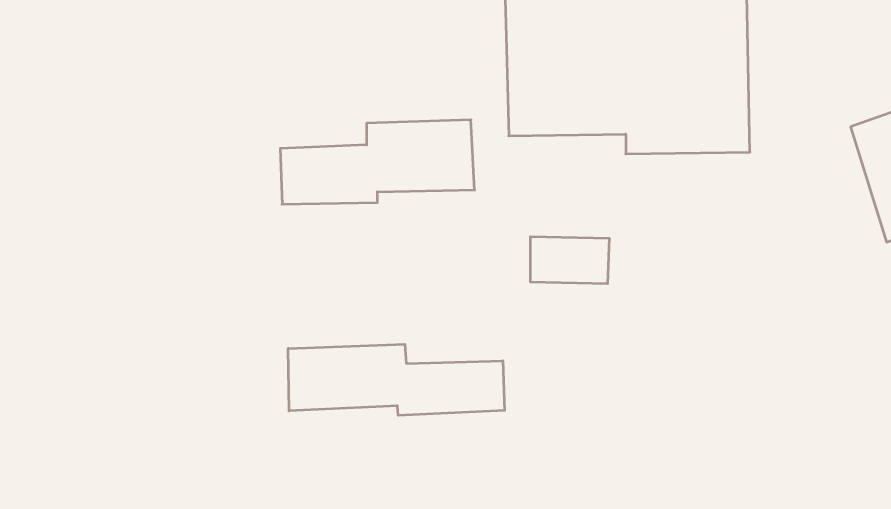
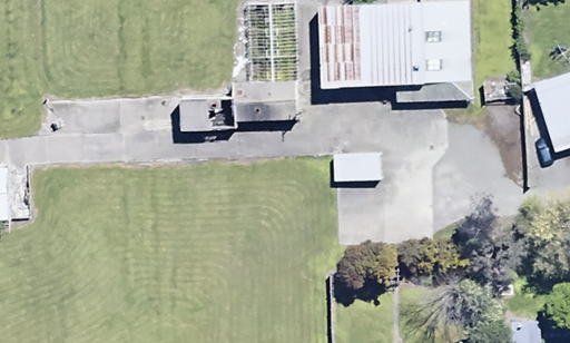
building: [288,344,505,415] -> none

